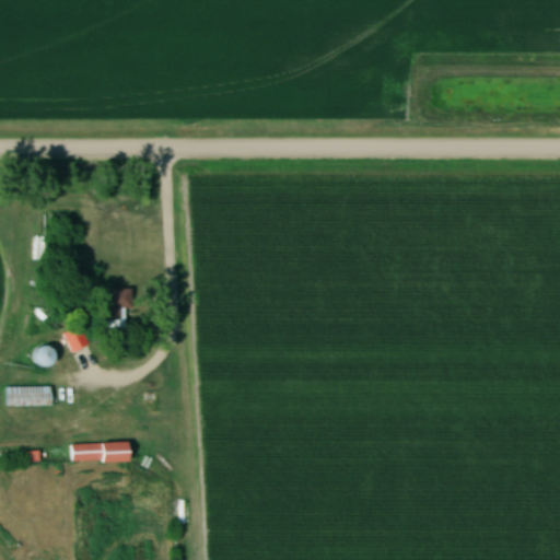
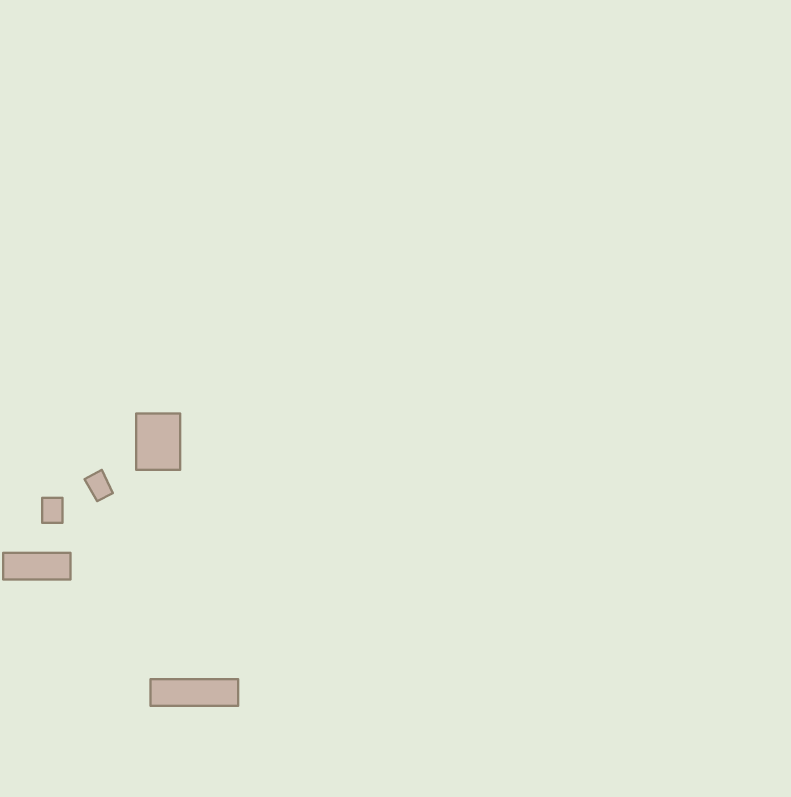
building: [70,443,131,462] -> [150,679,238,706]

